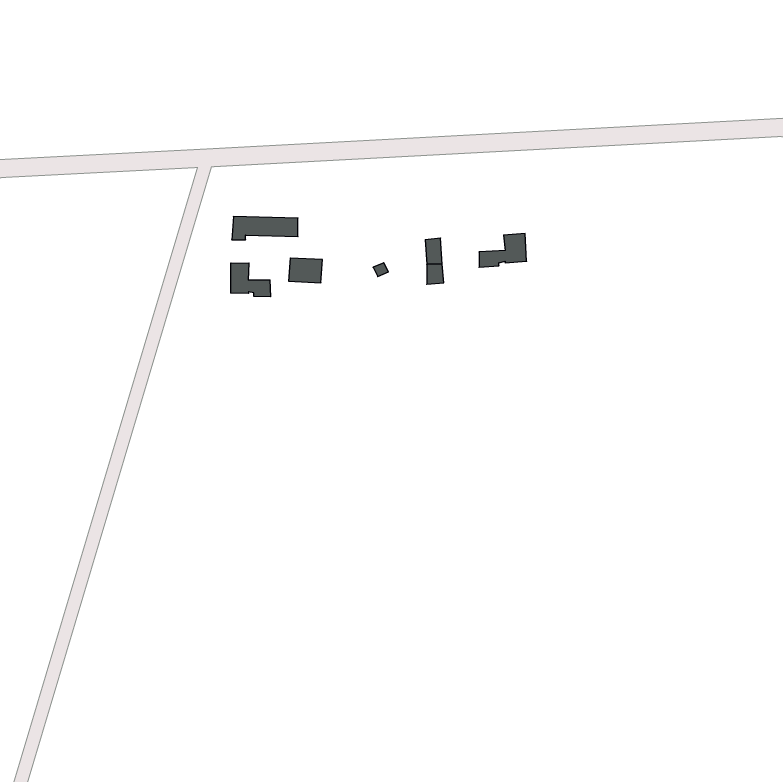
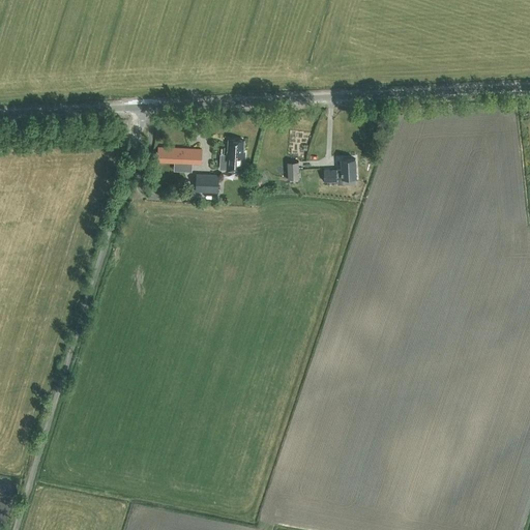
building: none -> [217,141,243,172]
building: [231,263,271,297] -> none

